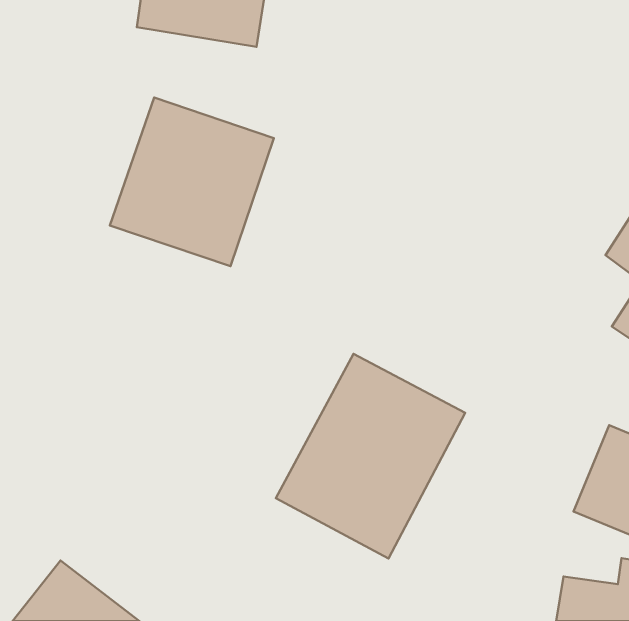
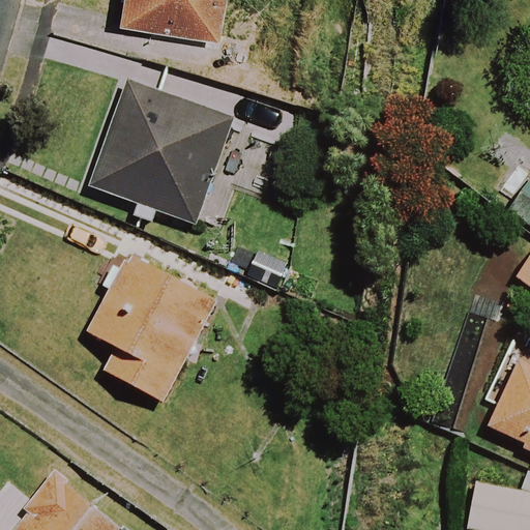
building: none -> [89,255,217,402]
building: [276,354,465,558] -> none

